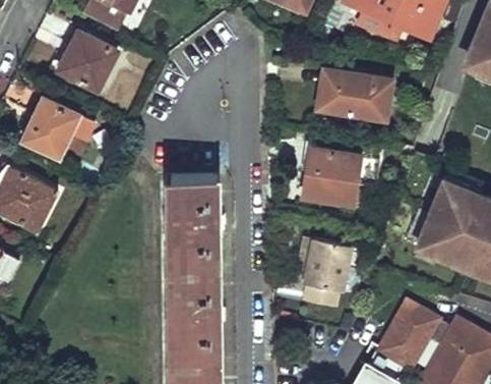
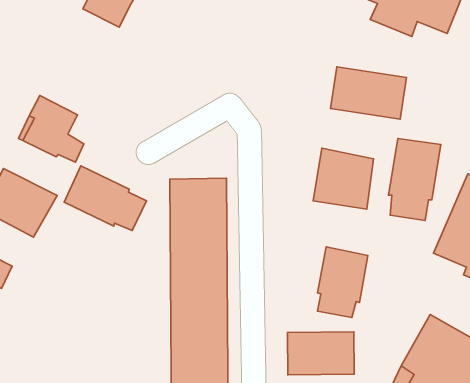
building: [58,30,118,89] -> none
building: none -> [389,139,441,221]
building: none -> [64,166,146,230]
building: none -> [287,332,354,375]

